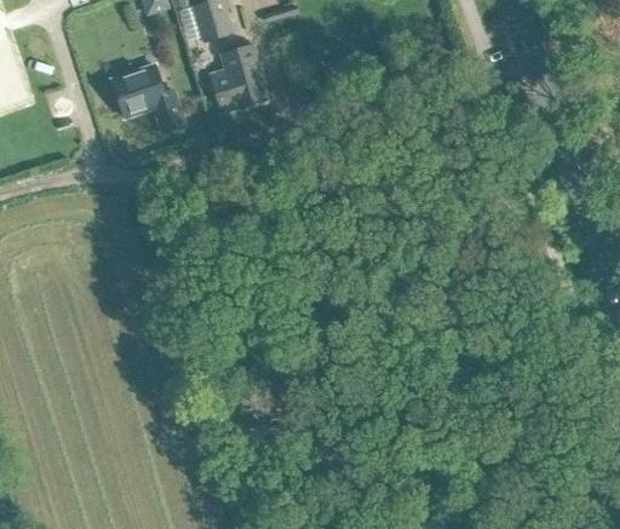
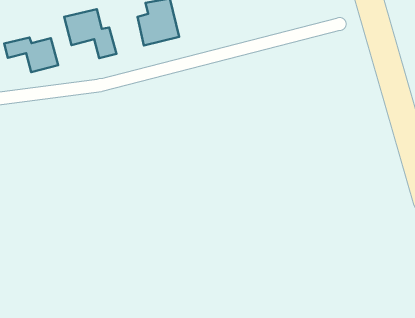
building: none -> [4,37,58,72]

